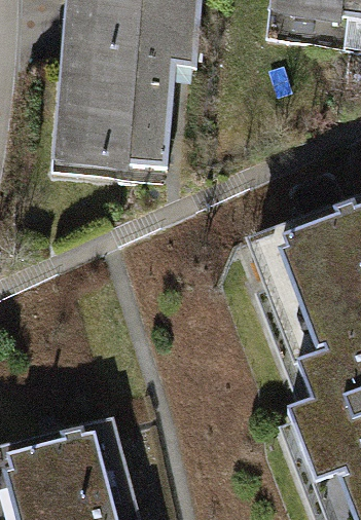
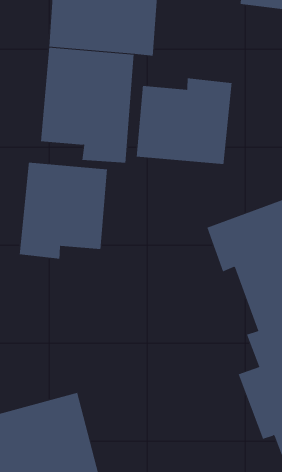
building: none -> [136,78,232,165]
building: none -> [19,162,108,259]

